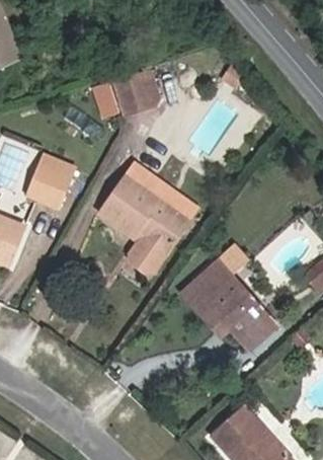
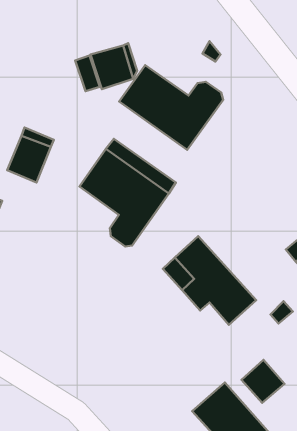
building: none -> [119,65,223,150]
building: none -> [241,360,285,403]

